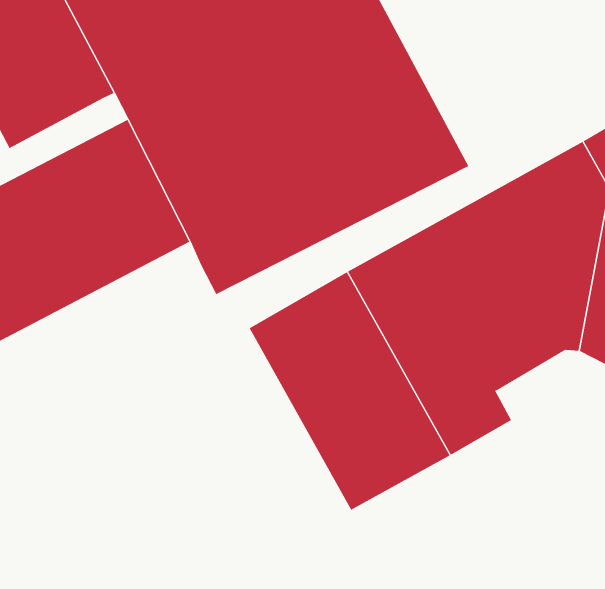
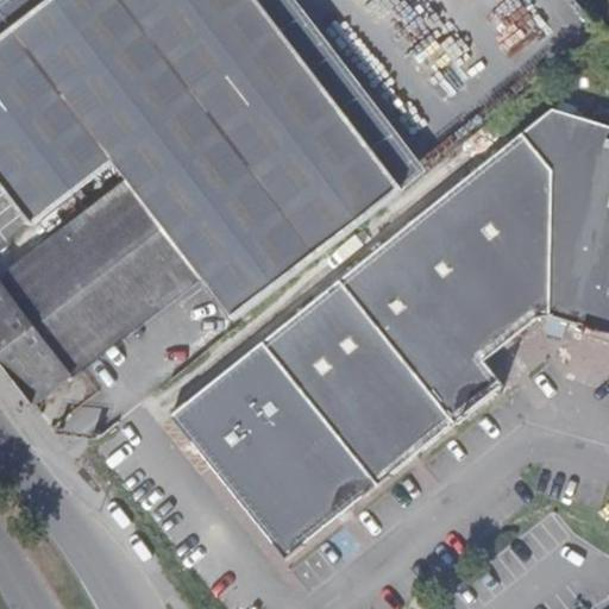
building: none -> [170,341,376,557]

